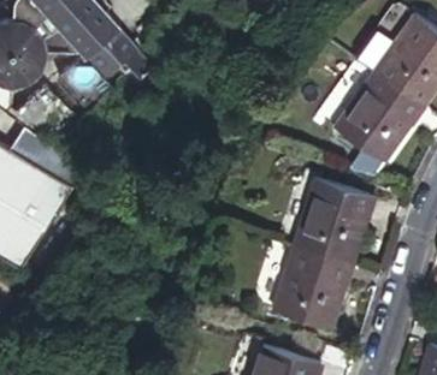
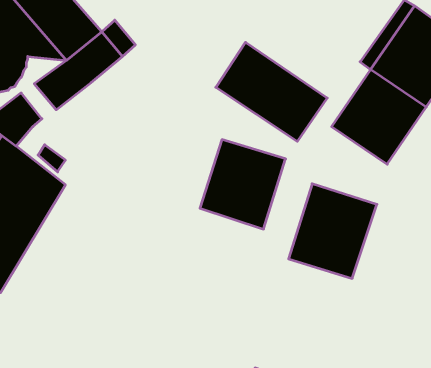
building: none -> [216,42,327,141]
building: [272,243,352,326] -> [200,140,286,229]

